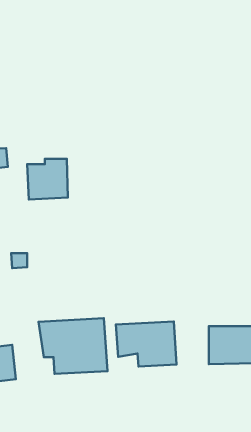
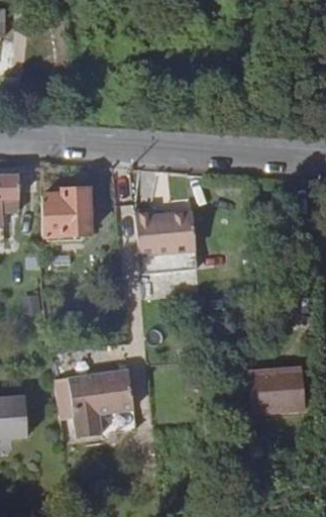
building: none -> [135,211,196,272]
building: [116,321,177,367] -> none

